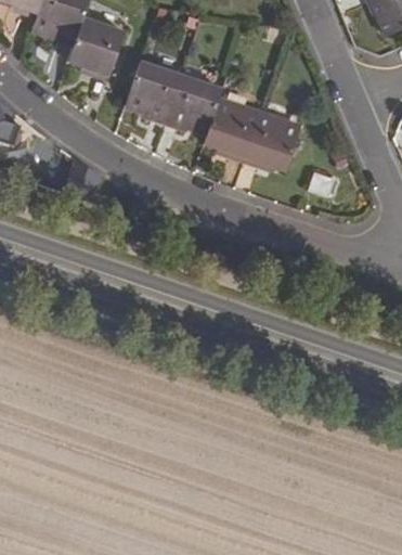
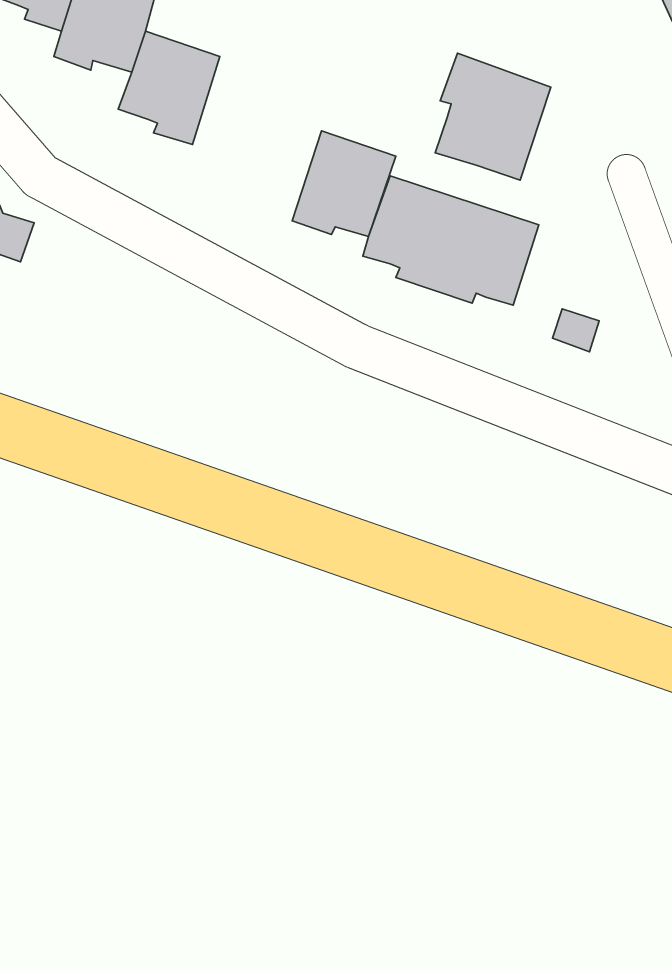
building: none -> [435,53,551,180]
building: [124,61,180,124] -> none

